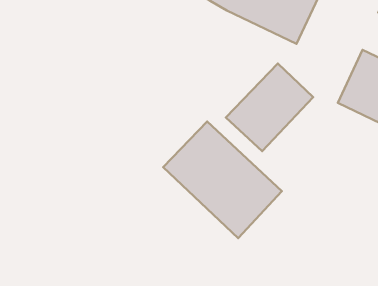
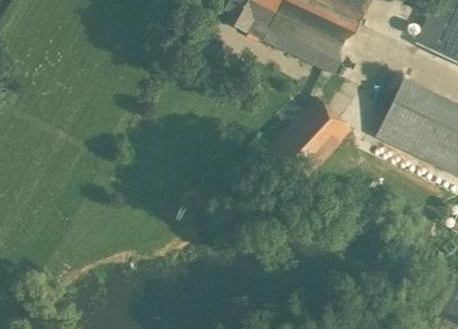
building: [163,121,282,238] -> none

